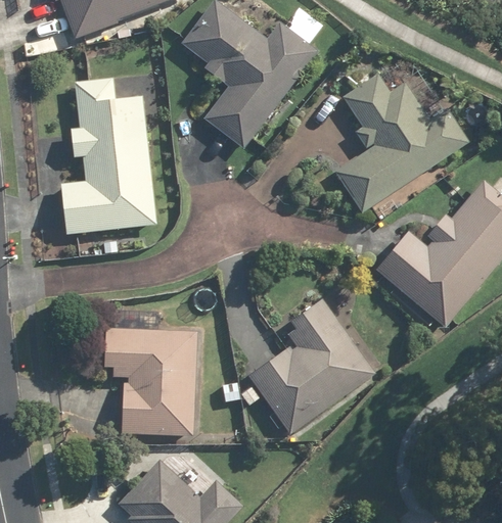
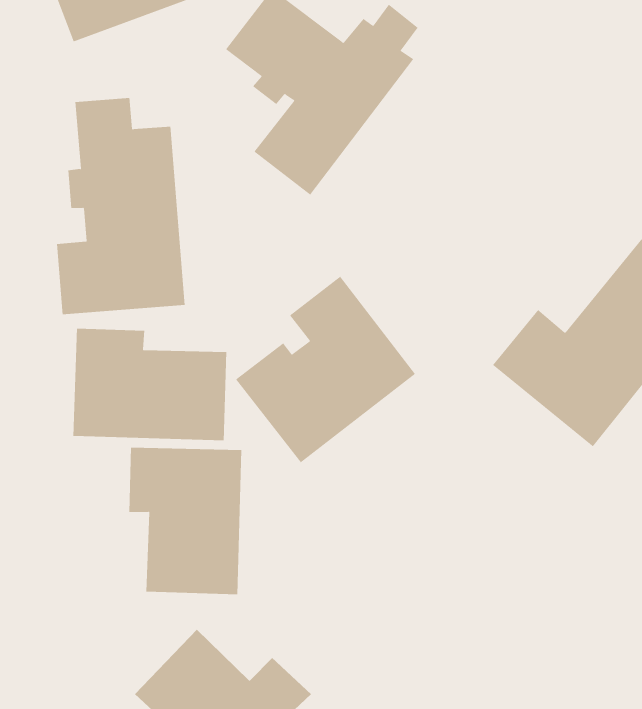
building: [334,75,468,212] -> none
building: none -> [73,328,227,441]
building: [246,302,376,437] -> [235,276,416,463]

